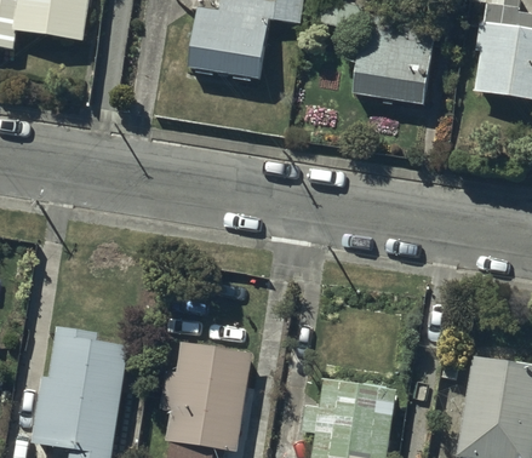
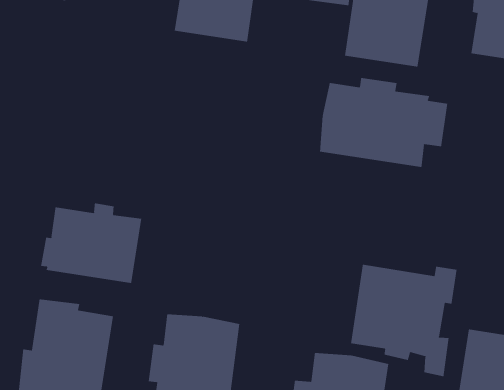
building: none -> [319,77,448,168]
building: none -> [41,203,142,284]
building: none -> [350,264,457,377]

